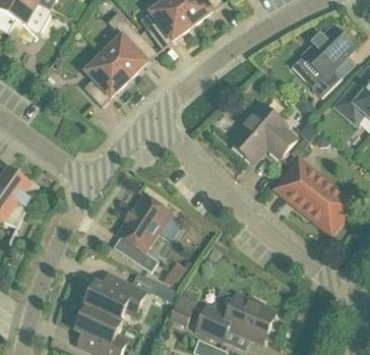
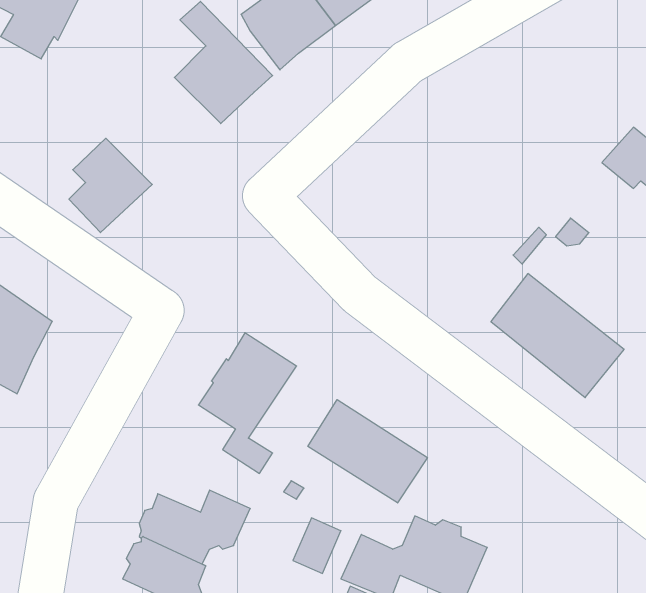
building: [302,24,354,96] -> none
building: [82,53,128,105] -> [69,138,152,233]
building: [228,103,296,161] -> none
building: none -> [308,400,427,503]

